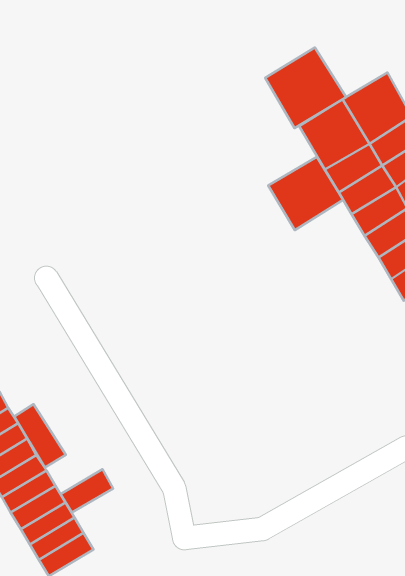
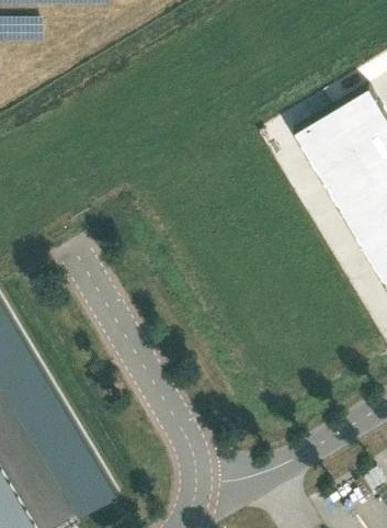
building: [265,48,346,128] -> none
building: [268,157,343,230] -> none
building: [14,404,66,468] -> none
building: [61,469,113,512] -> none

